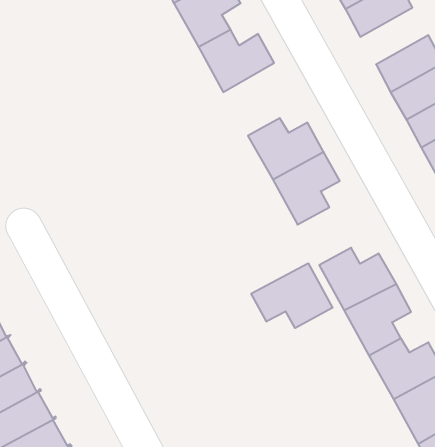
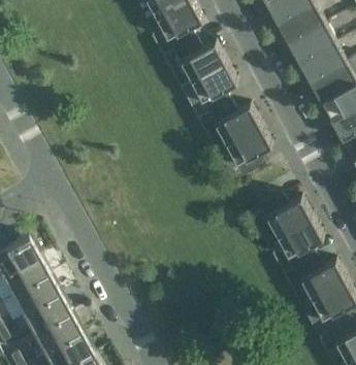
building: none -> [287,23,335,63]
building: none -> [190,62,237,113]
building: [251,263,333,328] -> none

